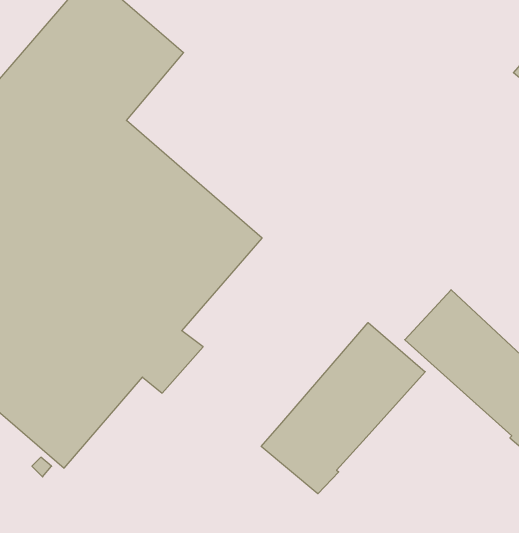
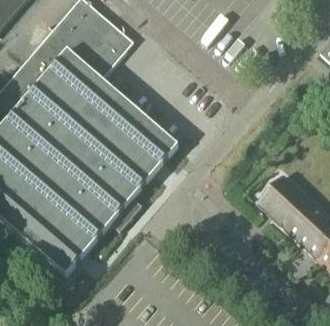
building: [261,323,425,494] -> none

